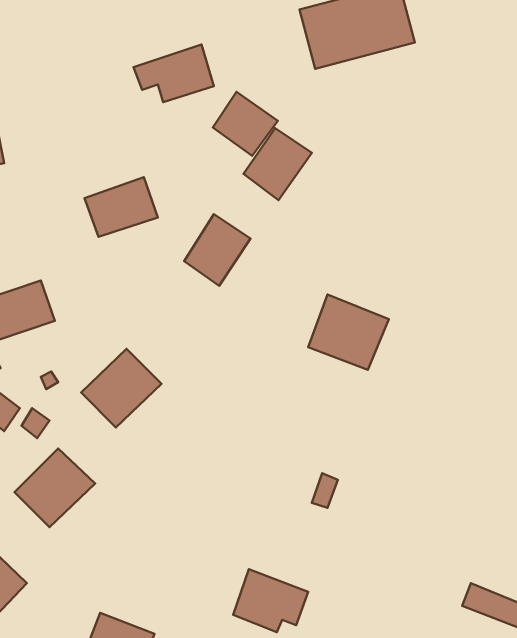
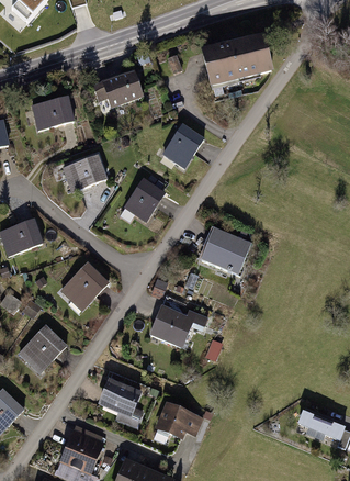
building: none -> [31,96,75,128]
building: [213,92,278,156] -> none
building: none -> [151,305,207,346]
building: none -> [98,378,143,427]

